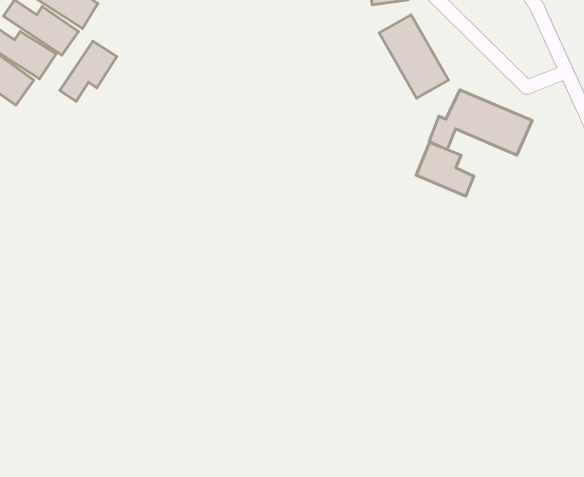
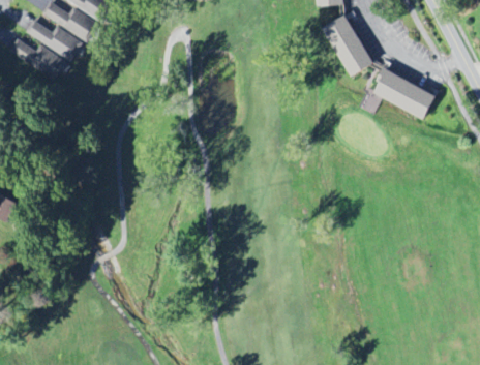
building: [60,41,117,101] -> none
building: [416,143,474,196] -> none

